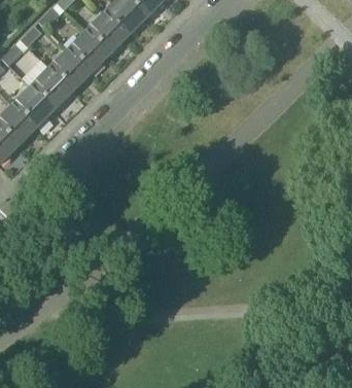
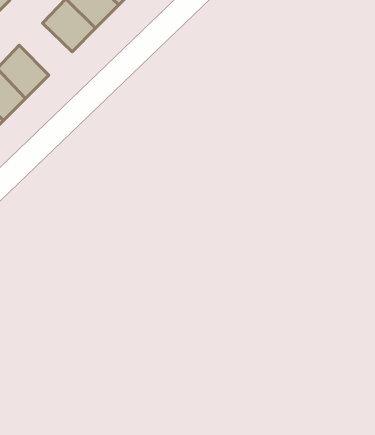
building: [47,50,90,92] -> none

